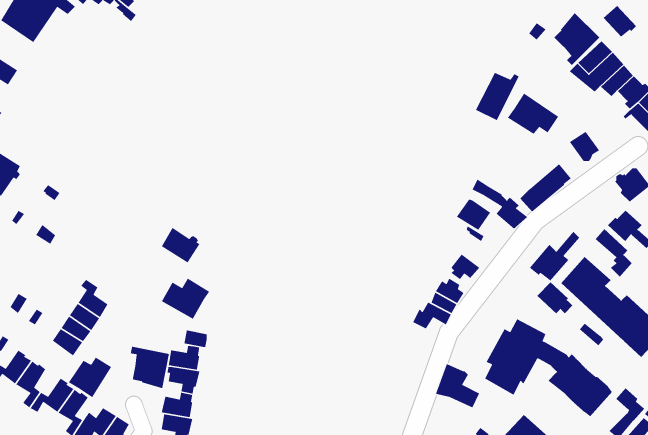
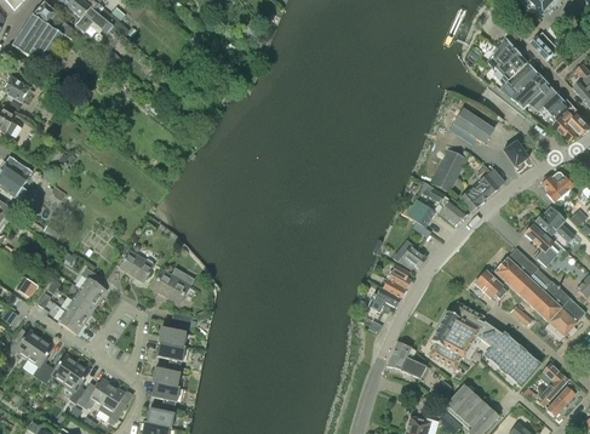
building: [475,72,520,121] -> [430,148,469,190]
building: [161,227,200,263] -> [120,250,154,281]
building: [529,231,580,282] -> none
building: [130,346,170,389] -> none
building: [68,356,112,398] -> none

